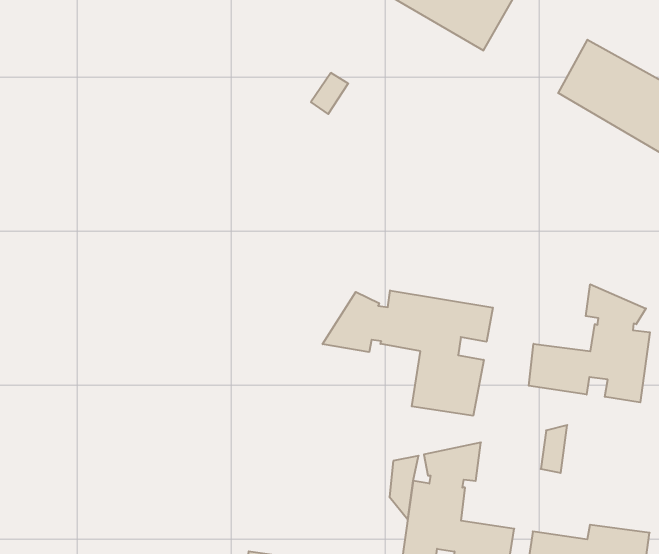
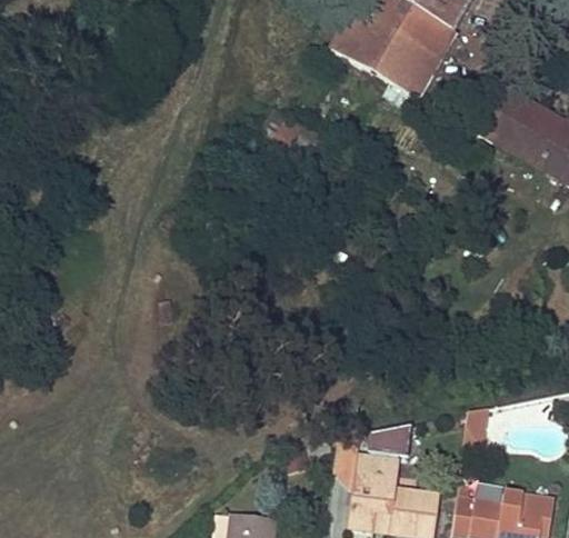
building: [529,284,650,402] -> none
building: [323,290,493,416] -> none

